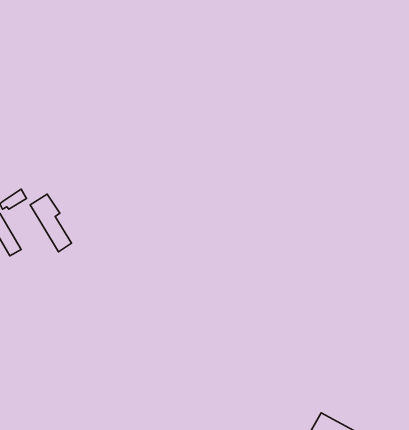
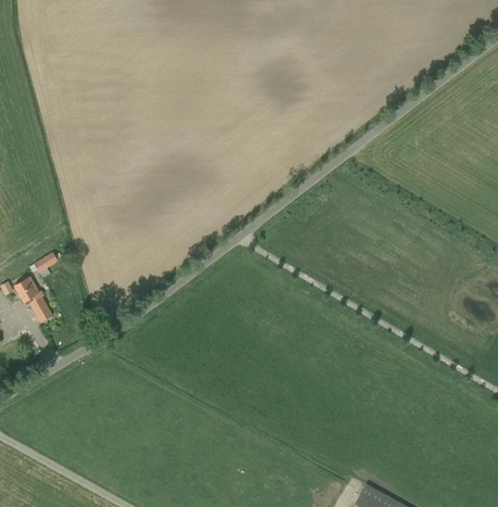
building: [30,194,71,252] -> none

